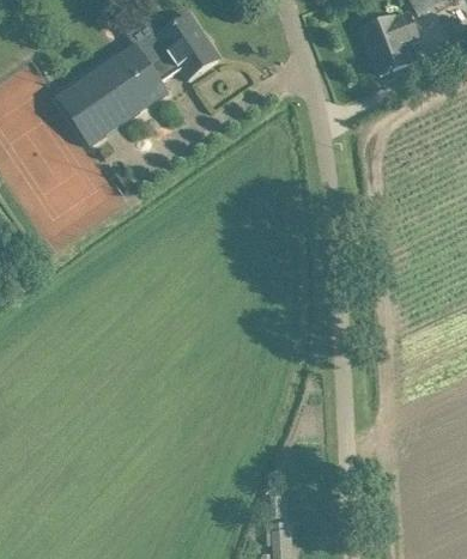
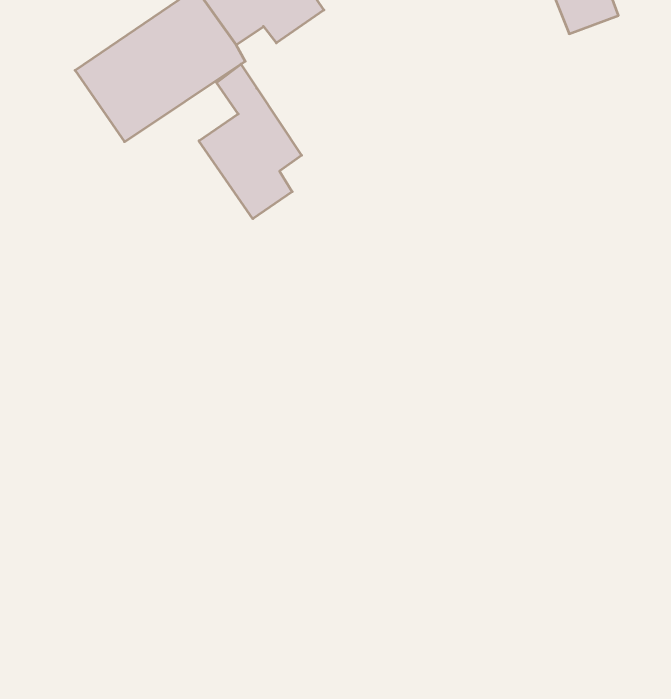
building: none -> [199,64,302,219]

